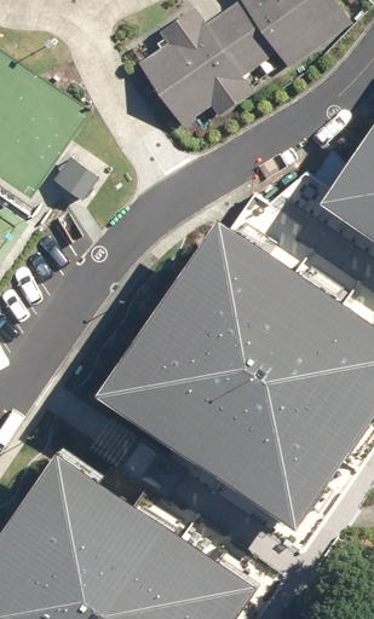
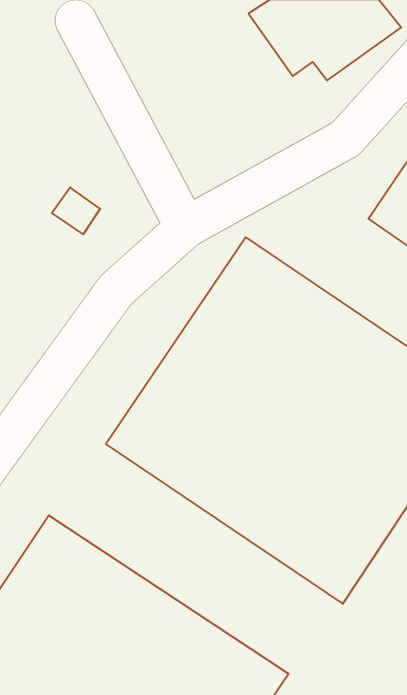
building: [139,18,260,137] -> none

